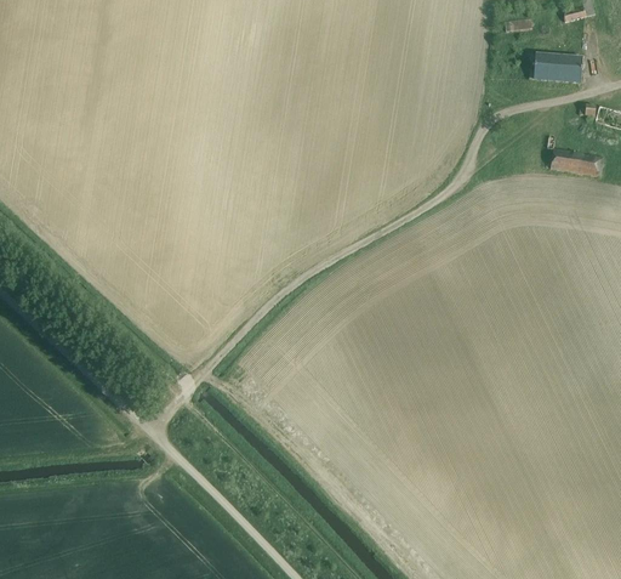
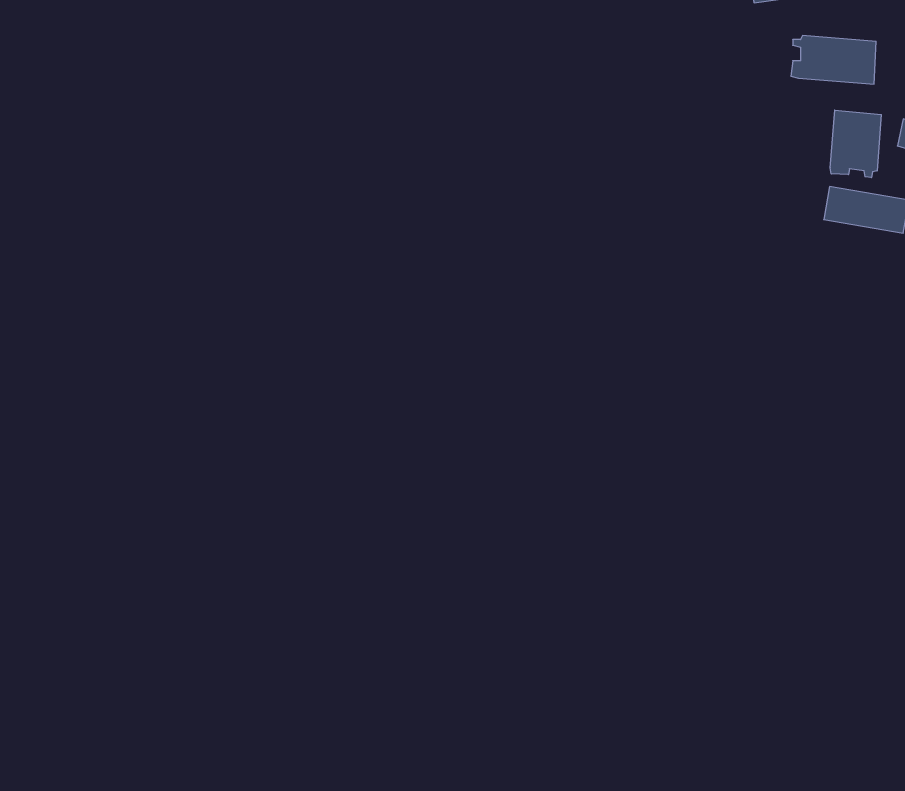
building: none -> [830,110,881,178]

